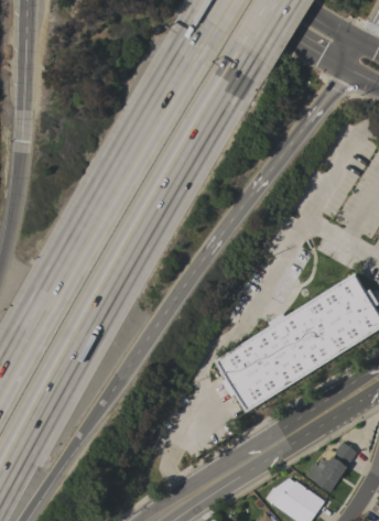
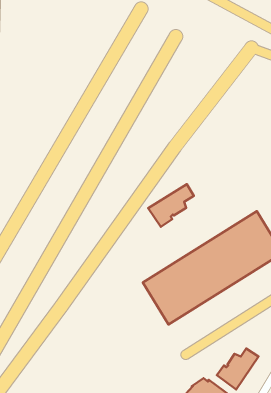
building: none -> [148,184,194,227]

